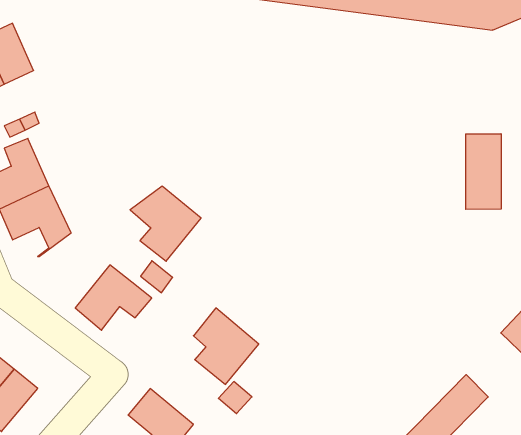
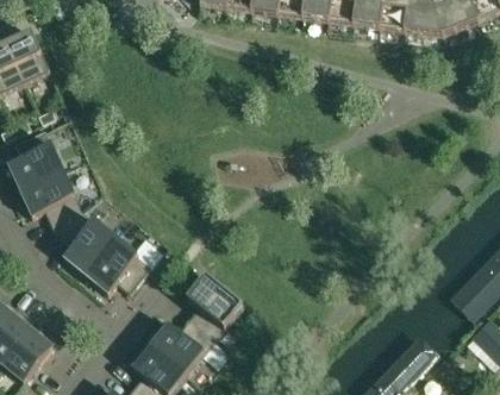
building: [466,134,501,209] -> none
building: [130,186,201,261] -> [56,211,117,275]
building: none -> [151,319,215,375]

